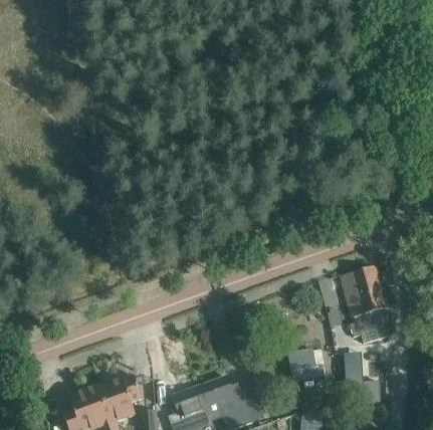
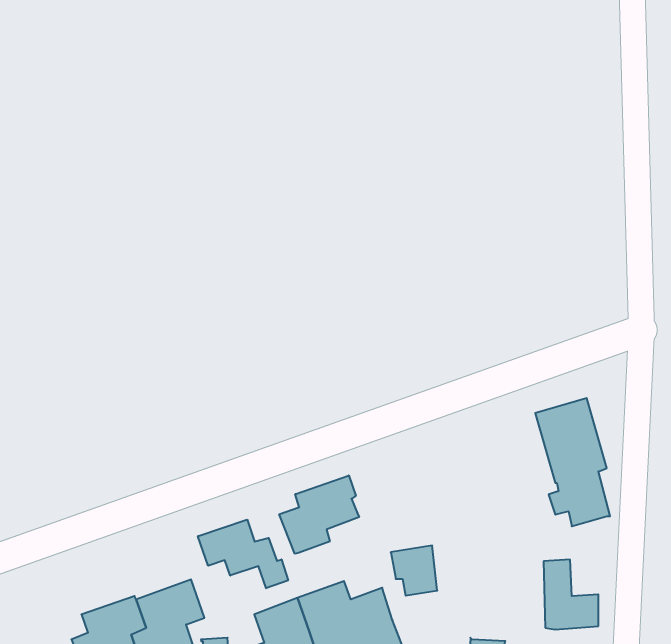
building: none -> [279,475,359,554]
building: none -> [198,520,288,588]
building: [288,351,316,381] -> [391,546,437,596]

